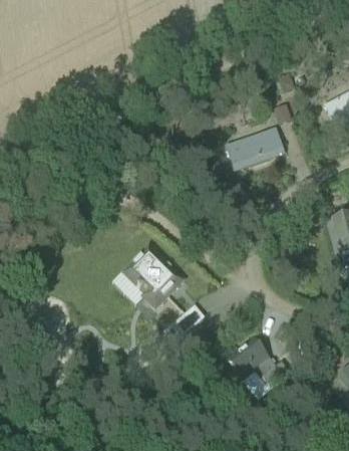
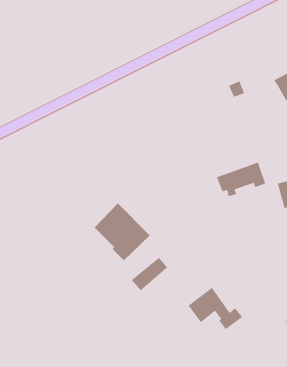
building: [227,129,284,169] -> [216,162,266,197]

